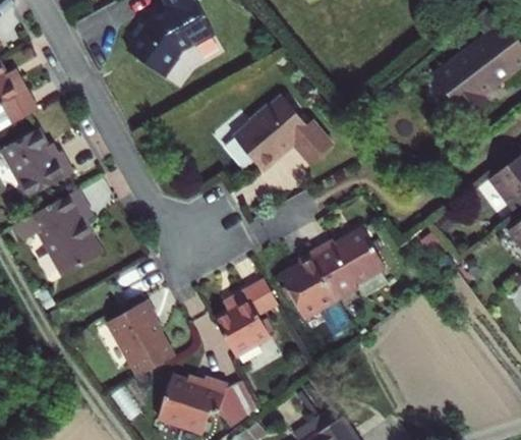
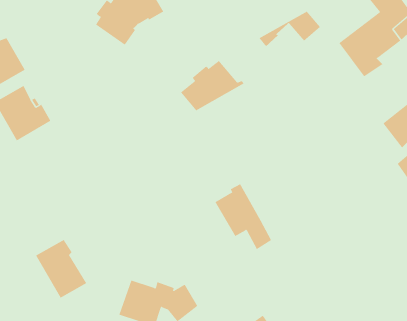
building: [254,127,333,173] -> [258,11,321,47]
building: [17,189,104,276] -> none
building: [310,229,385,299] -> none
building: [214,279,278,358] -> none
building: [110,301,175,376] -> [35,239,87,298]

